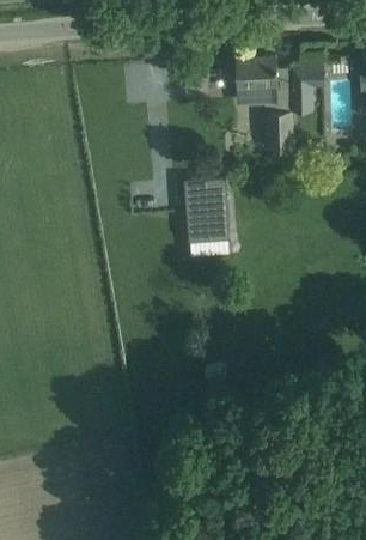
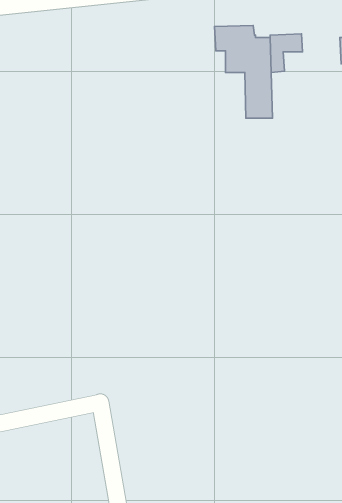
building: [183,180,227,244] -> none

